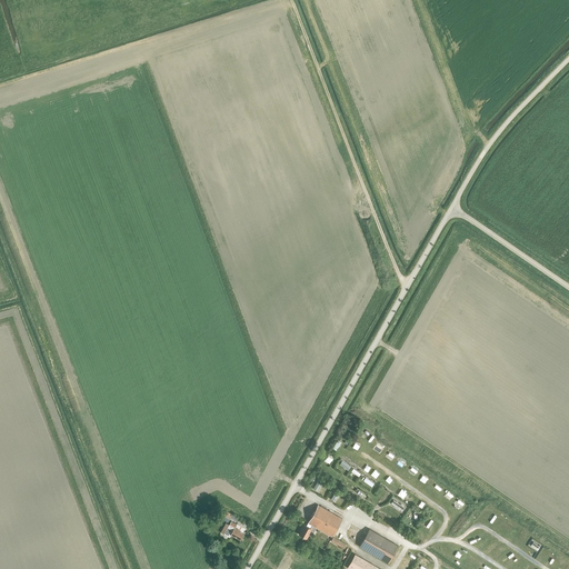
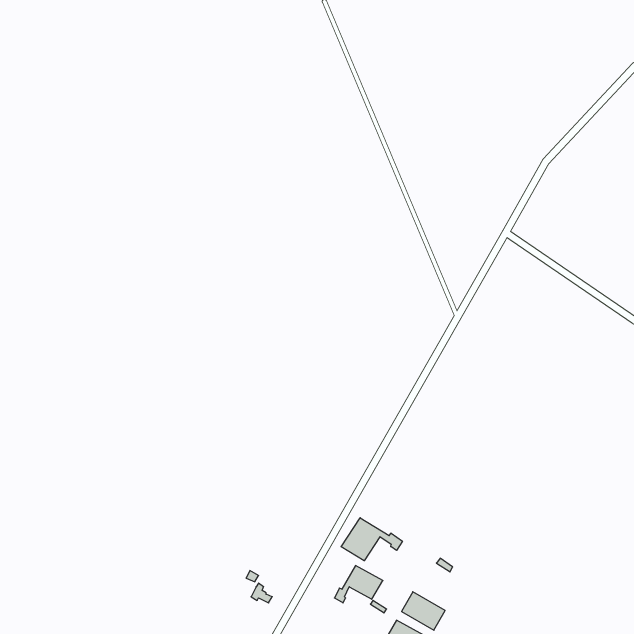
building: none -> [341,518,402,561]

